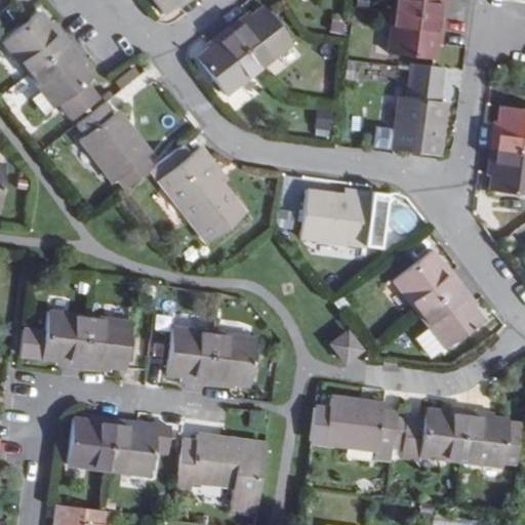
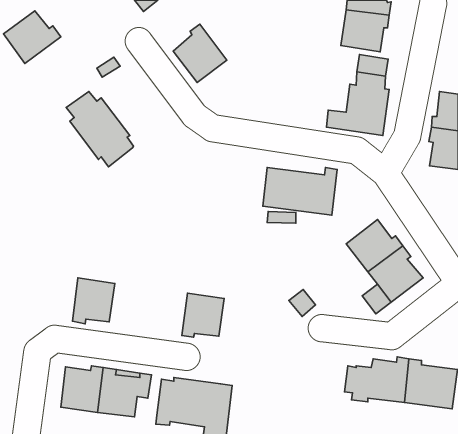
building: [229,6,291,69] -> none
building: [29,42,98,119] -> none
building: [152,146,243,241] -> none
building: [19,313,89,367] -> none
building: [167,330,214,383] -> none
building: [310,397,399,460] -> none

